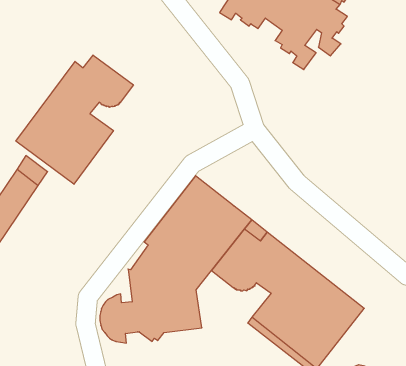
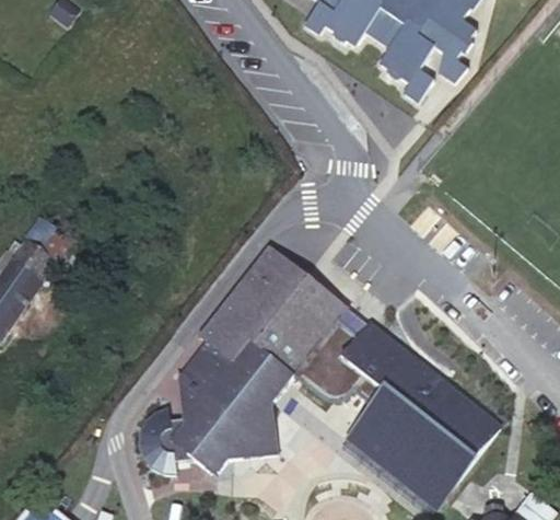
building: [16,55,133,184] -> none

